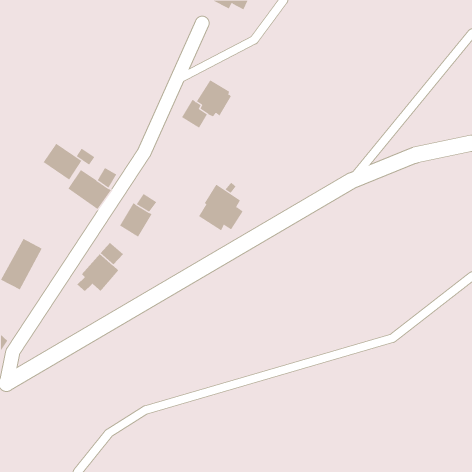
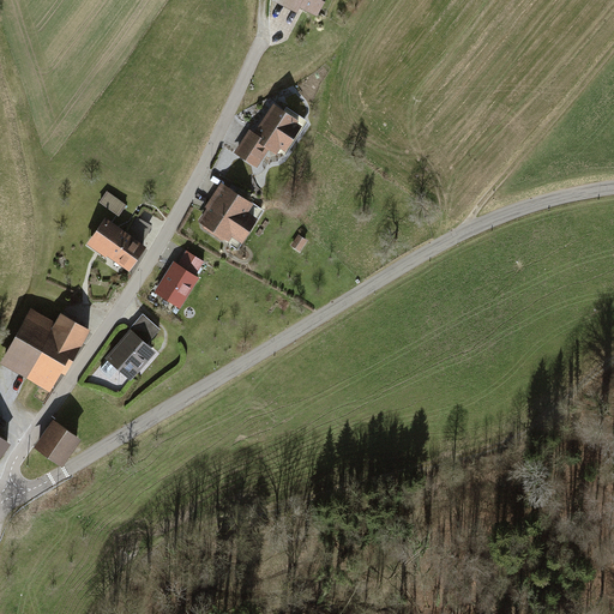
building: [43,143,82,181] -> none
building: [198,184,244,231] -> [198,183,257,245]
building: none -> [26,312,90,392]
building: none -> [36,419,79,462]

